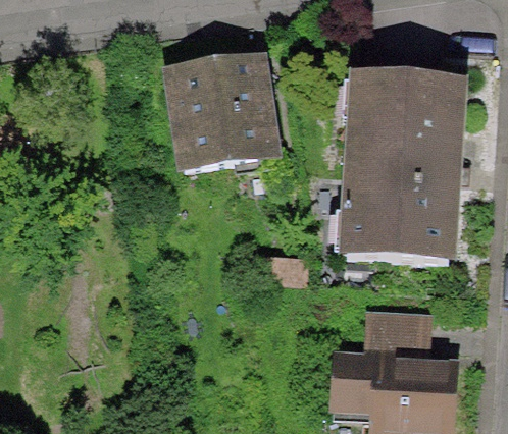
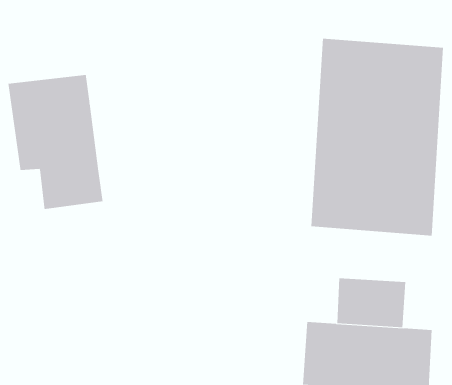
building: [159,50,285,171] -> none
building: none -> [8,74,103,210]

